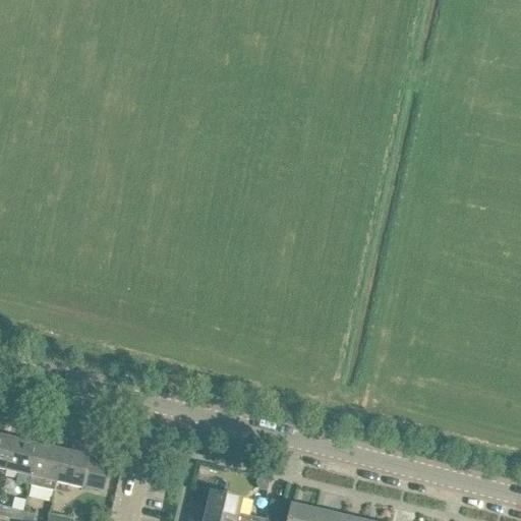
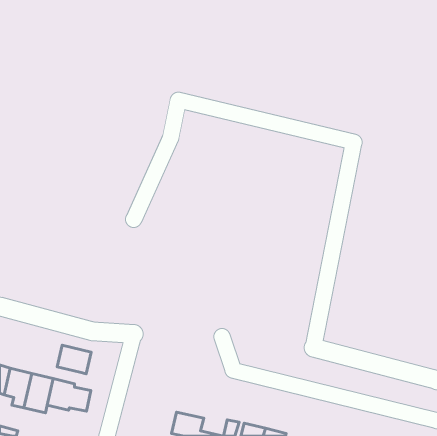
building: none -> [57,345,91,374]

